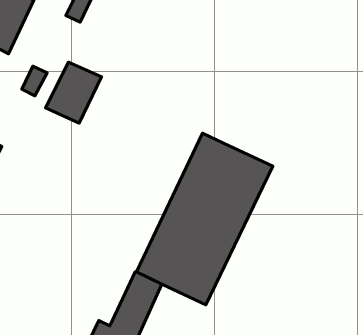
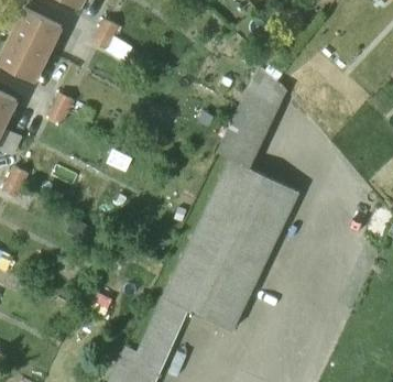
building: none -> [217,66,287,170]
building: [46,62,101,123] -> none

